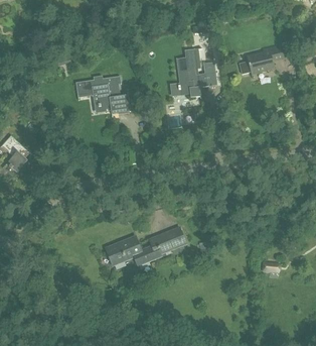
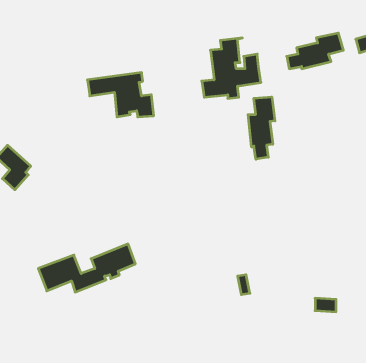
building: none -> [248,97,275,159]
building: [106,226,185,265] -> [38,244,135,292]

